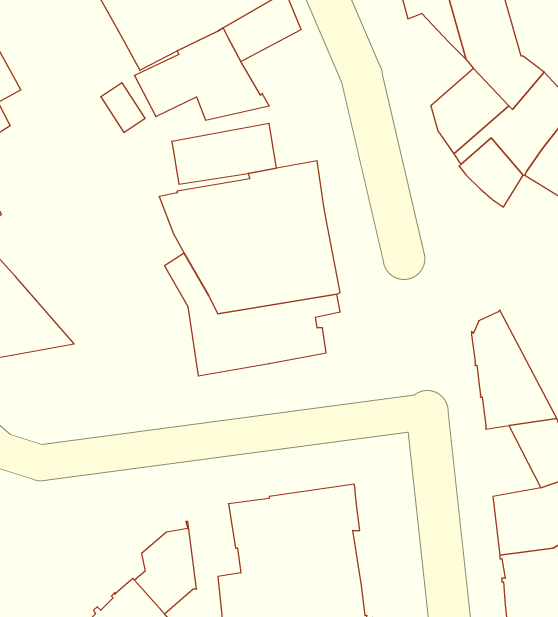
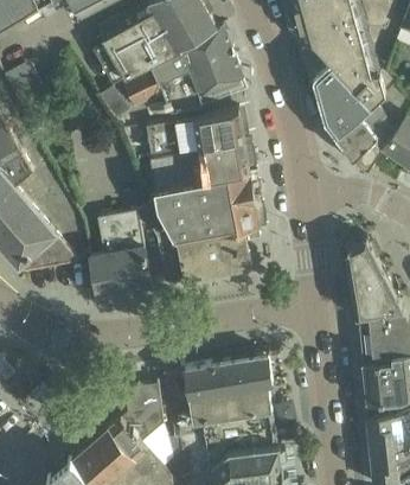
building: none -> [193,52,243,103]
building: none -> [314,60,348,103]
building: none -> [212,110,244,145]
building: none -> [90,212,152,296]
building: none -> [357,317,393,364]

